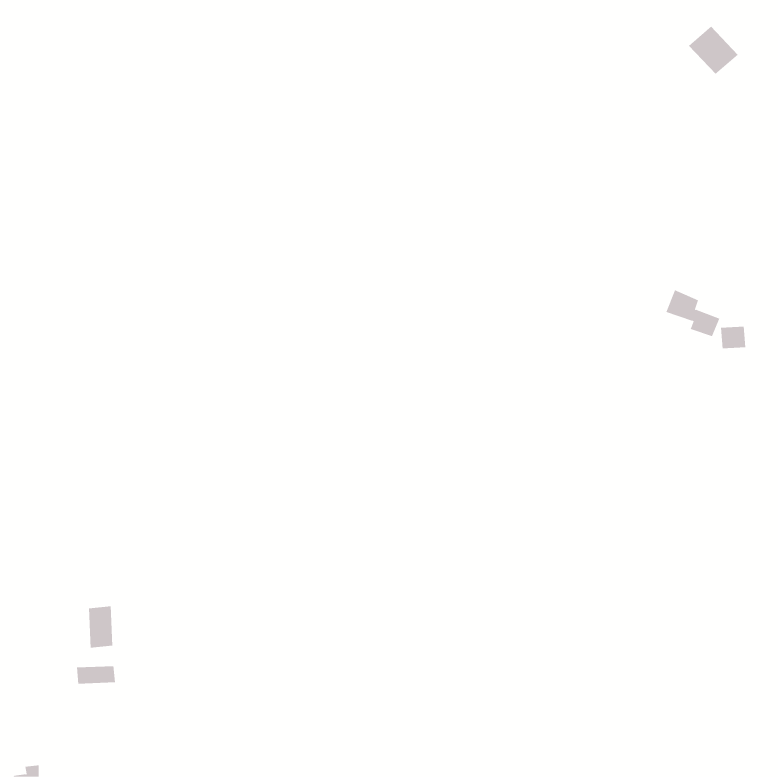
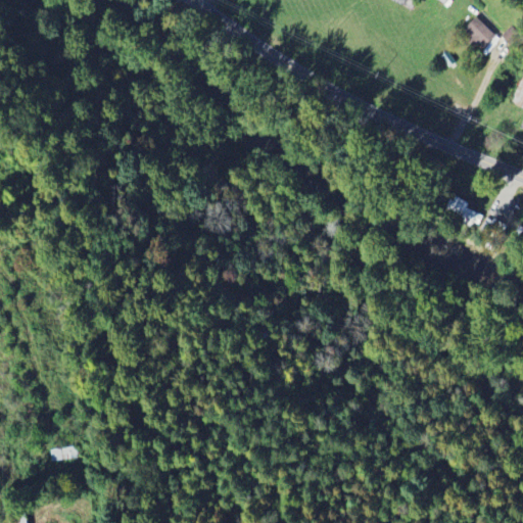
building: [89,606,113,649] -> none

